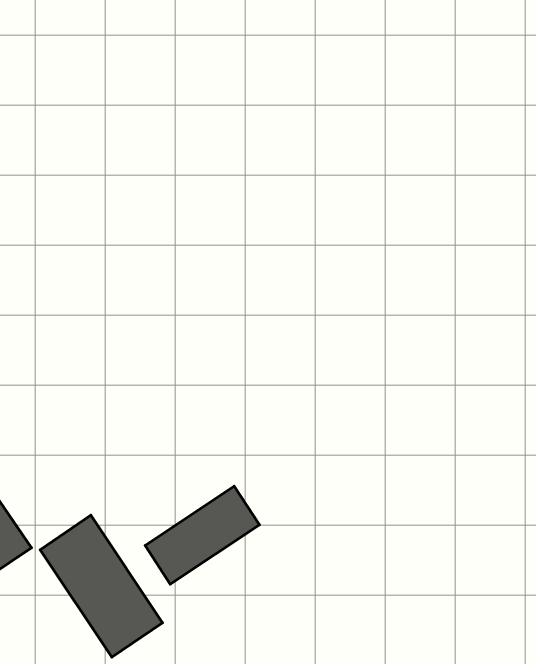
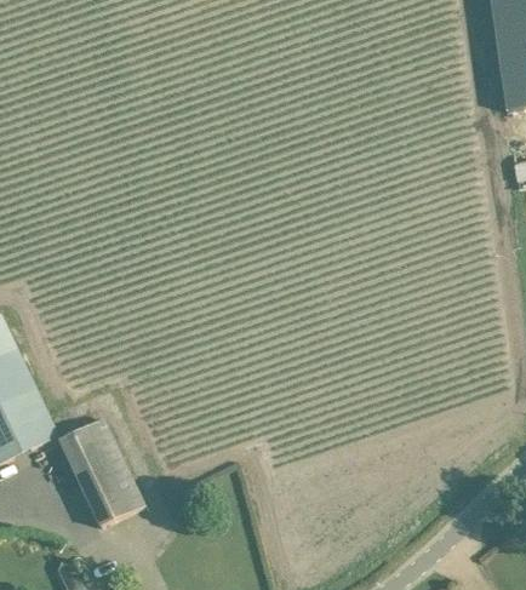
building: [145,486,259,584] -> none

